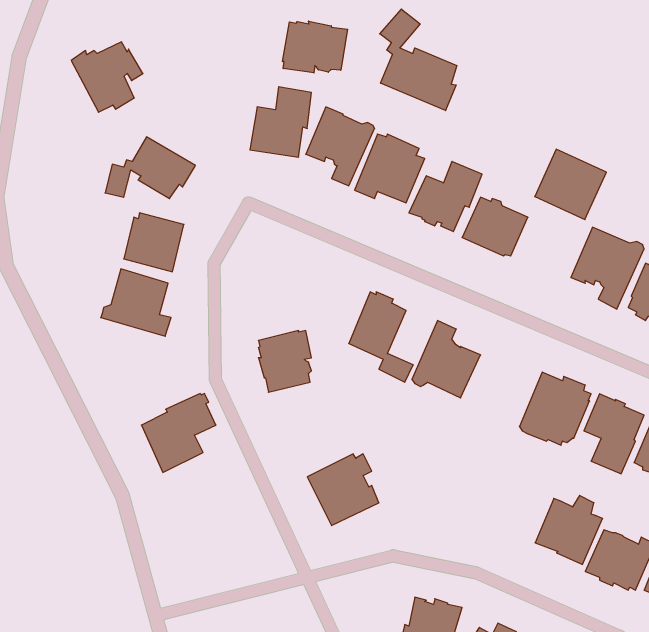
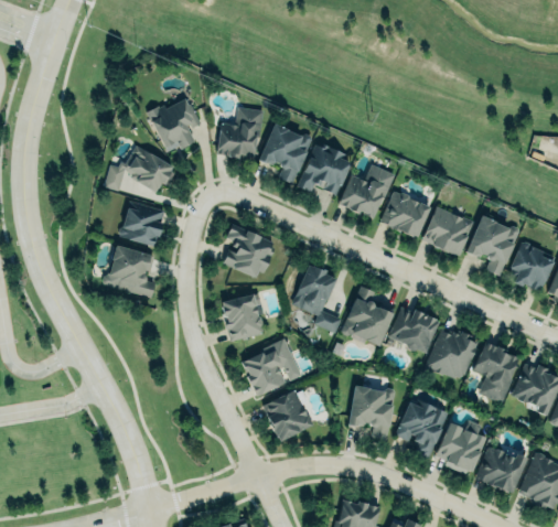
building: [380,9,457,111] -> none
building: [283,21,348,73] -> none
building: [71,42,143,112] -> [148,98,203,152]
building: [535,149,606,220] -> [420,204,475,258]
building: none -> [223,225,276,281]
building: none -> [388,304,441,354]
building: [141,394,216,472] -> [240,337,298,398]
building: none -> [348,384,397,441]
building: none -> [396,399,449,458]

